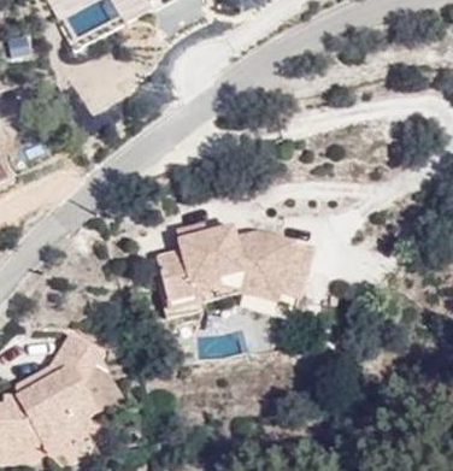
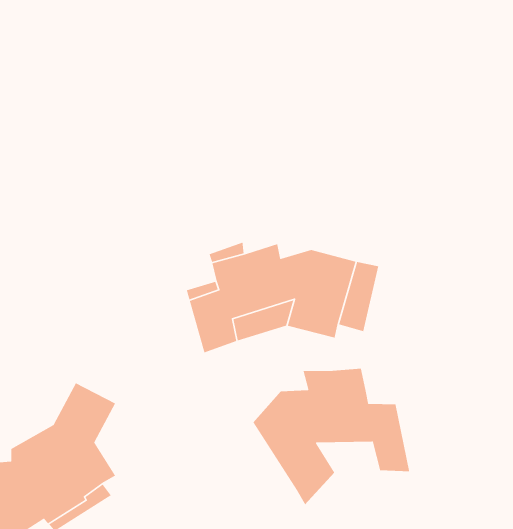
building: none -> [253,368,410,506]

